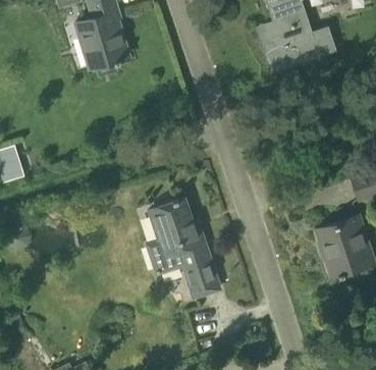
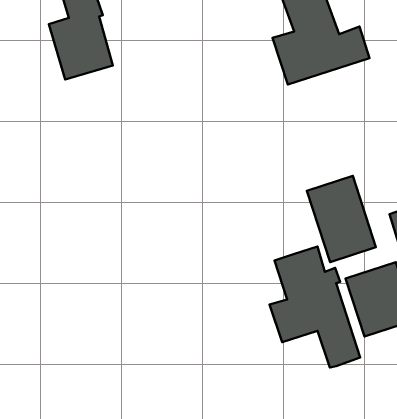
building: none -> [307,176,376,262]
building: [146,199,219,297] -> [270,246,360,367]

